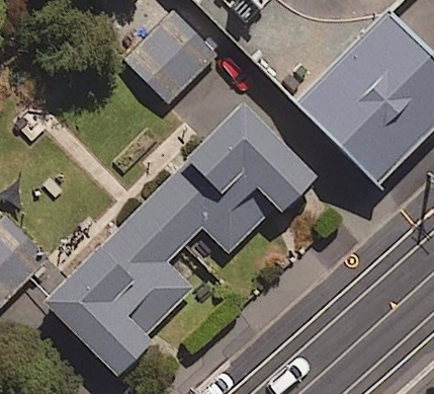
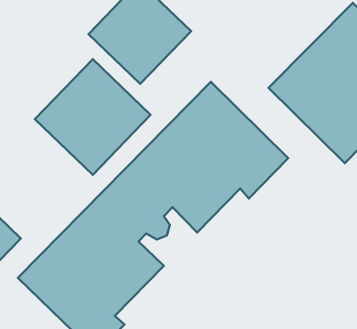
building: none -> [35,59,151,175]

